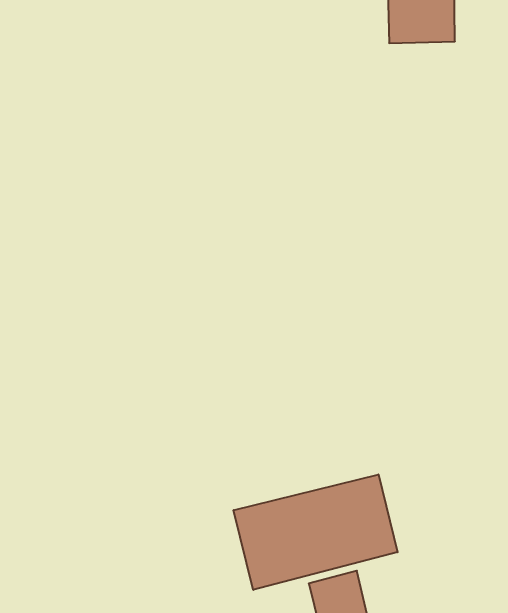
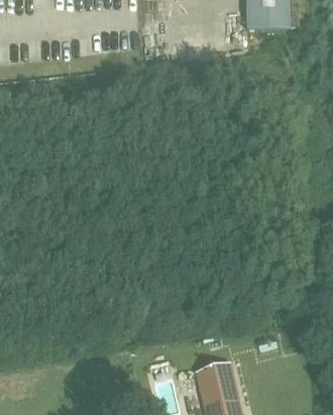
building: [234,474,398,590] -> none

